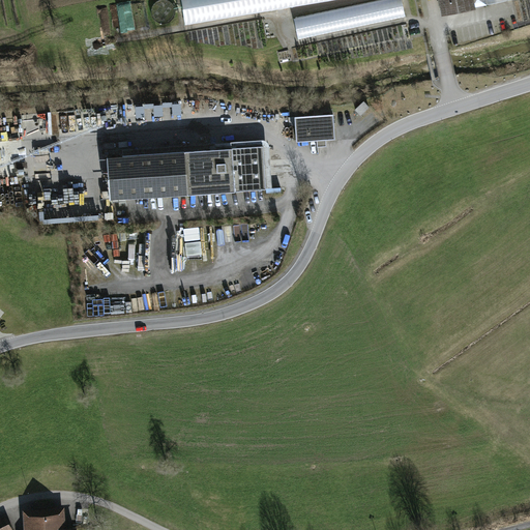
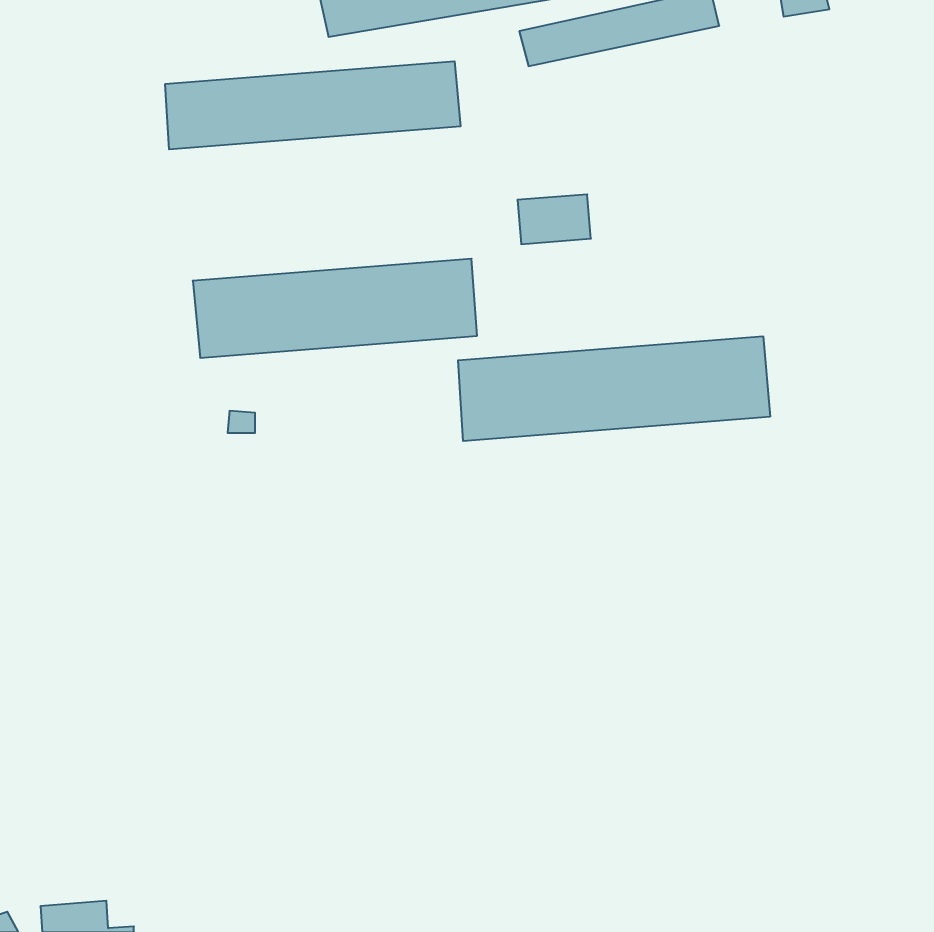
building: none -> [165,61,460,149]
building: none -> [458,336,770,441]

